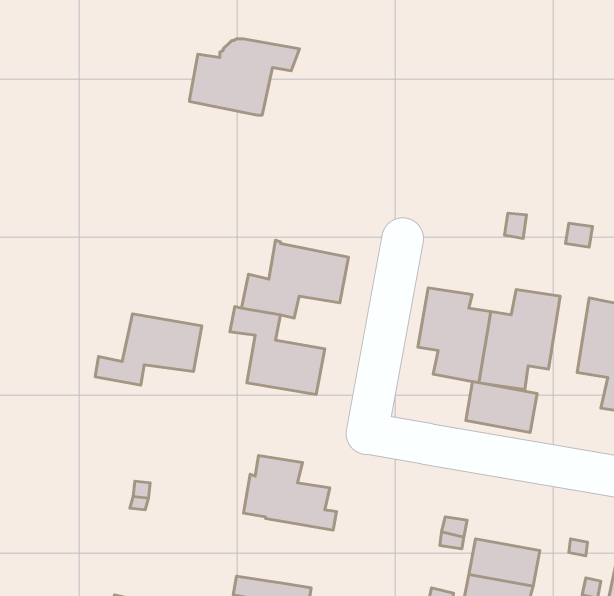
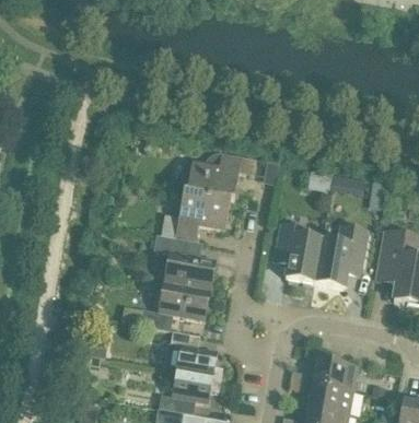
building: [189,39,300,115] -> [186,154,257,203]
building: [95,314,202,385] -> [140,284,209,330]
building: [466,382,537,432] -> [312,360,358,392]
building: none -> [158,372,220,414]

